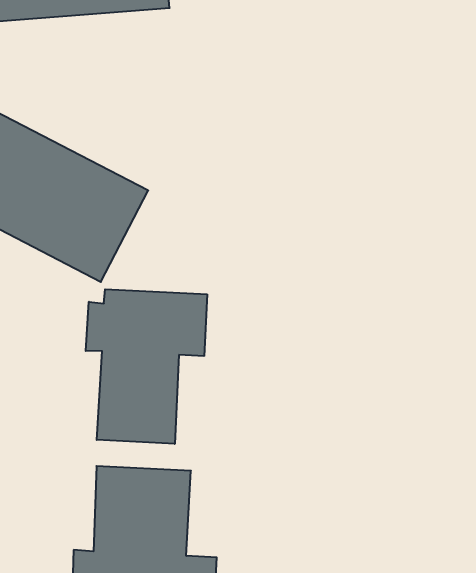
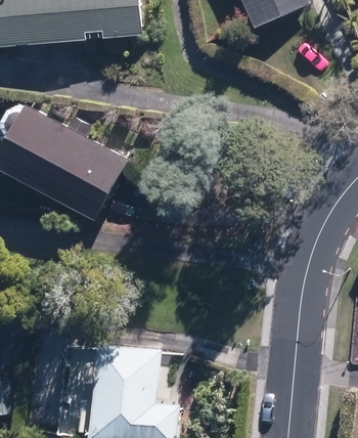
building: [86,289,207,444] -> none

